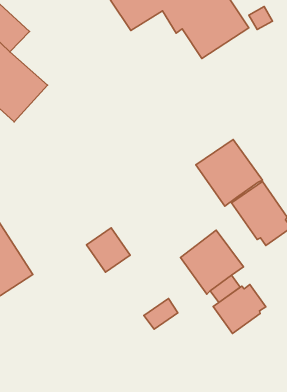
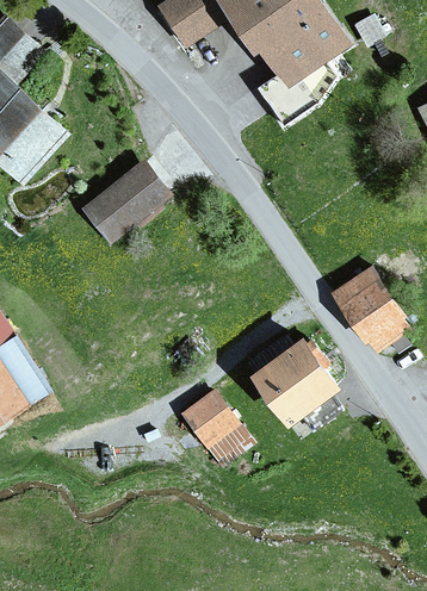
building: none -> [89,164,171,243]
building: [196,139,262,206] -> none
building: [87,228,130,272] -> [178,387,239,449]
building: [213,284,266,334] -> none

